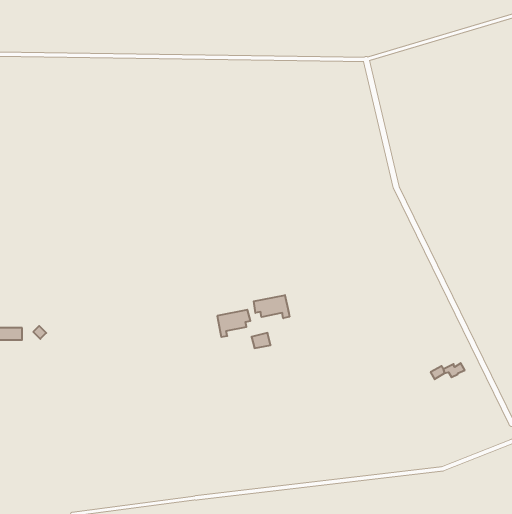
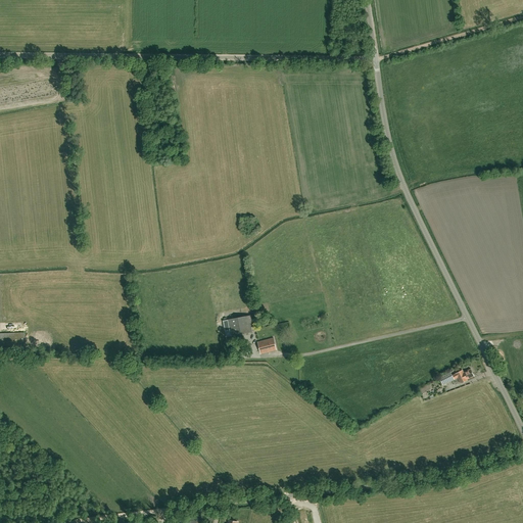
building: [254,295,289,318] -> none

